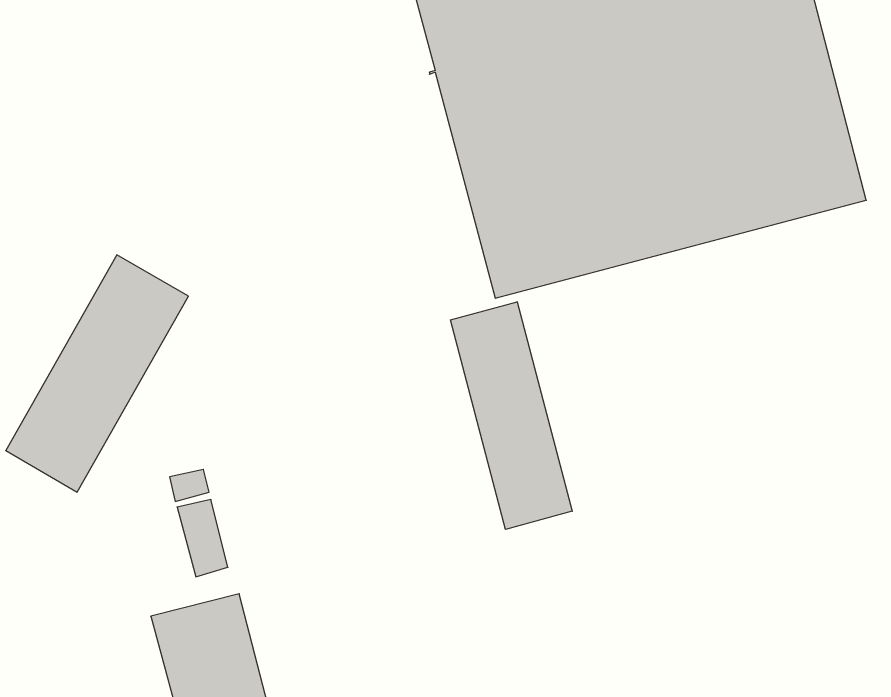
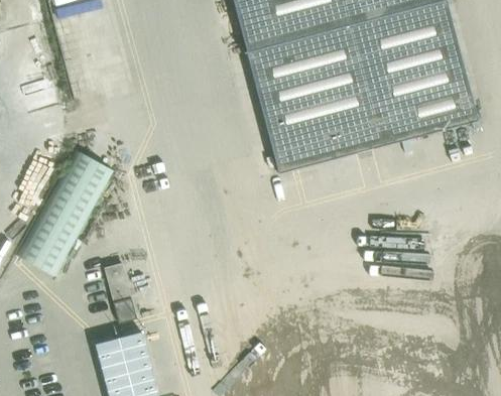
building: [450,302,572,529] -> none

